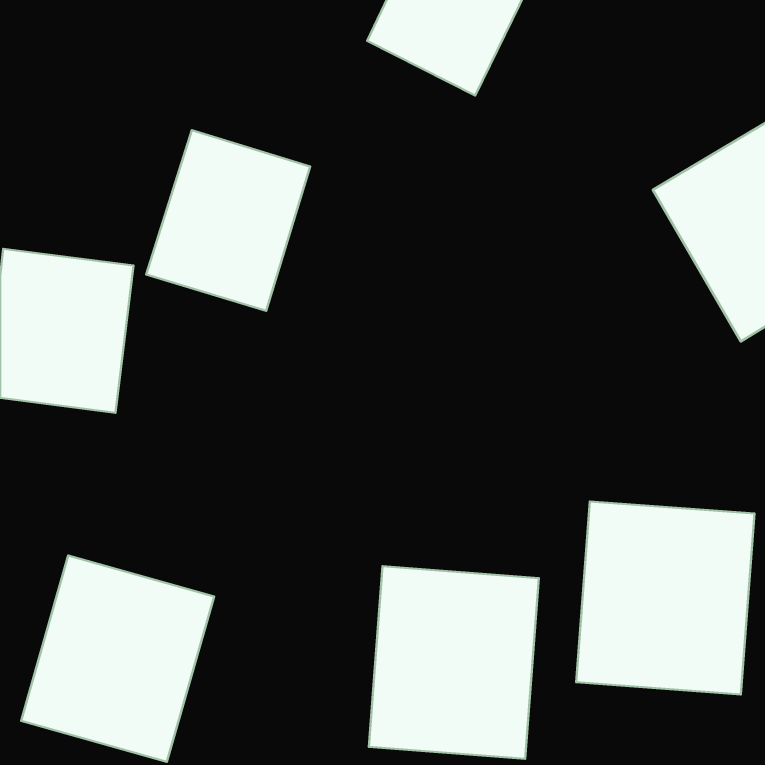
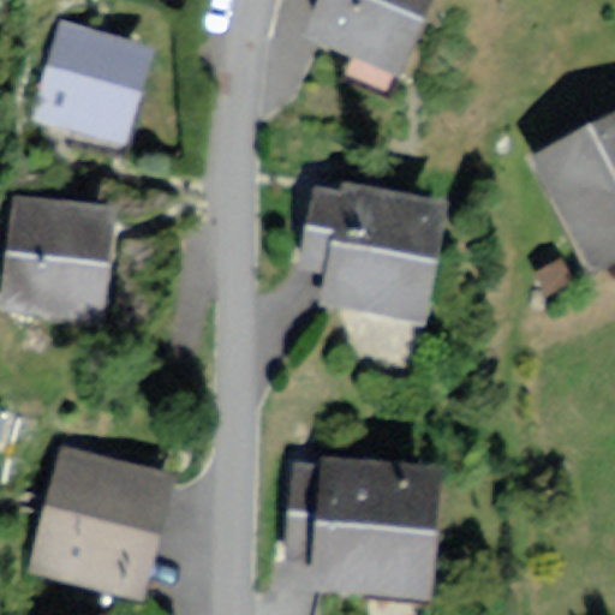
building: [146,130,310,311] -> [35,6,165,149]
building: none -> [300,186,429,323]
building: [576,502,754,694] -> none

